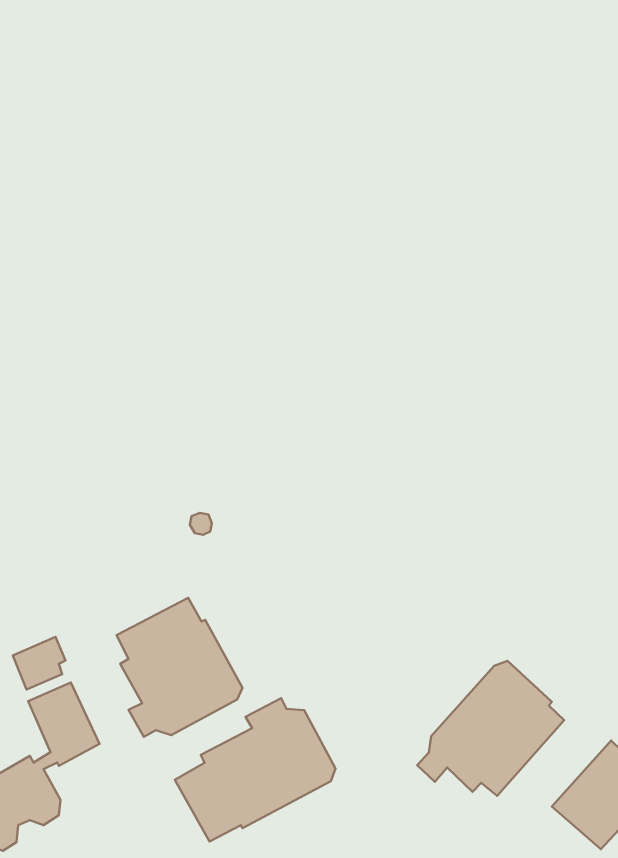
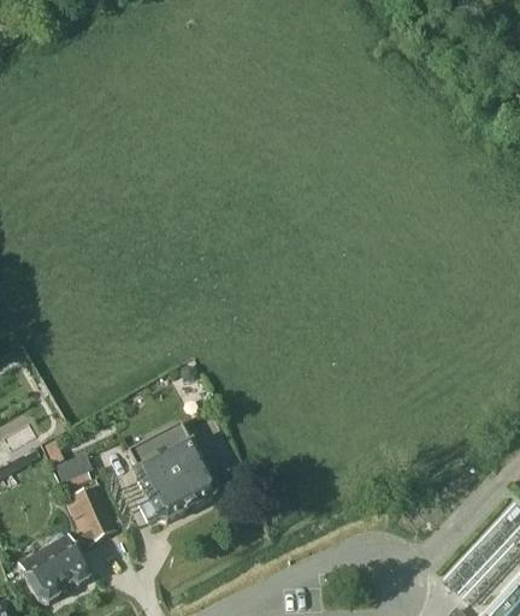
building: [417,661,564,796] -> none
building: [175,698,336,841] -> none

